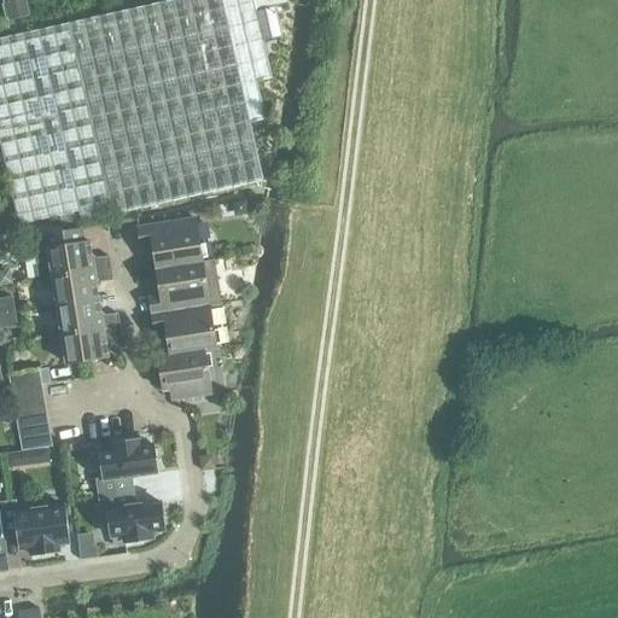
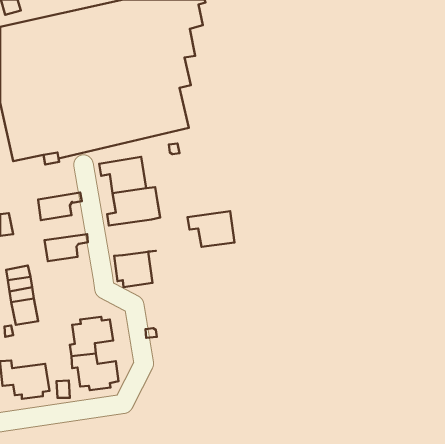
building: [35,227,111,280] -> none
building: [57,298,121,333] -> none
building: [151,304,216,354] -> [188,211,235,247]

